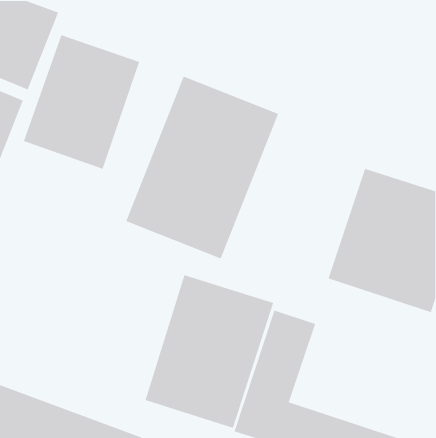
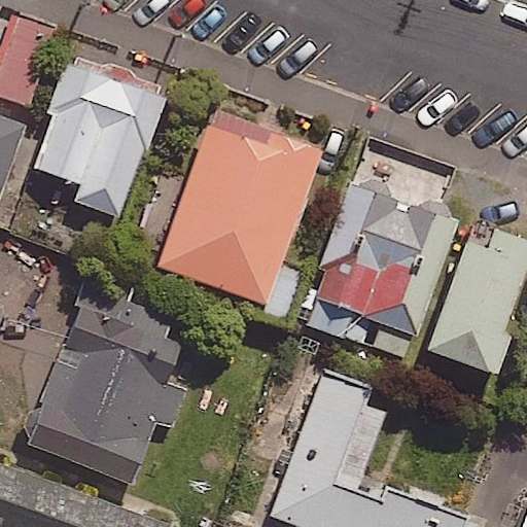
building: none -> [303,179,419,339]
building: none -> [32,313,188,481]
building: [144,274,274,429] -> none

